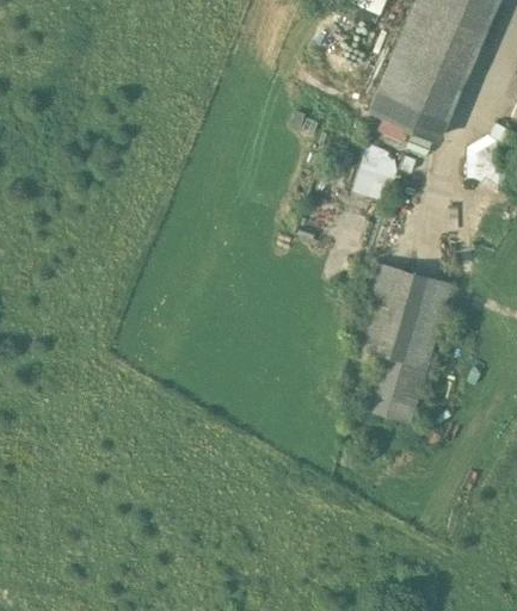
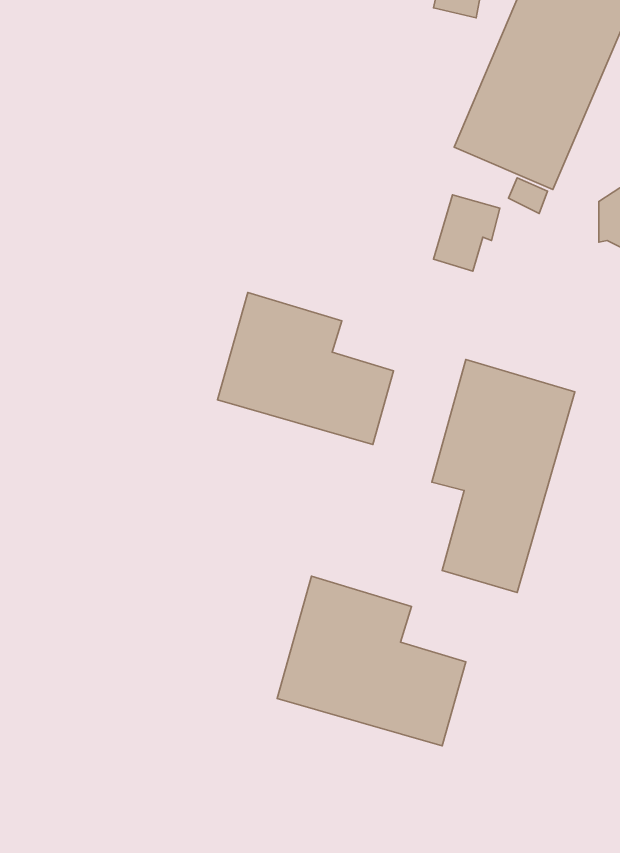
building: none -> [218,293,394,445]
building: none -> [277,576,466,746]

